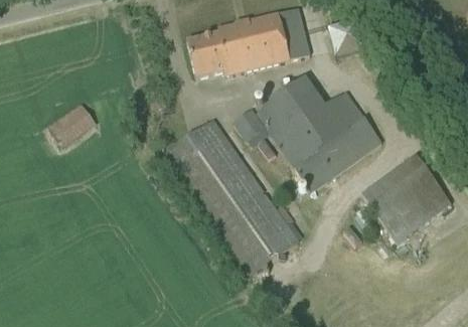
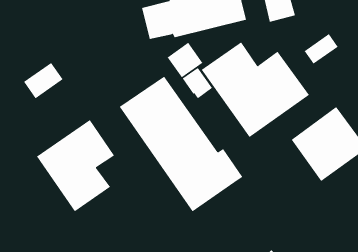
building: none -> [304,33,338,65]
building: none -> [167,42,203,78]
building: none -> [36,119,115,212]

